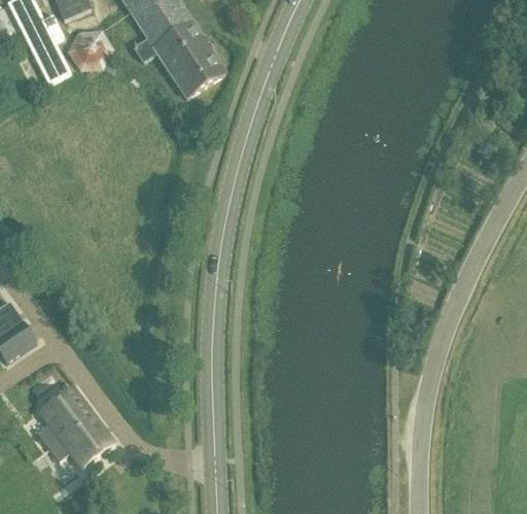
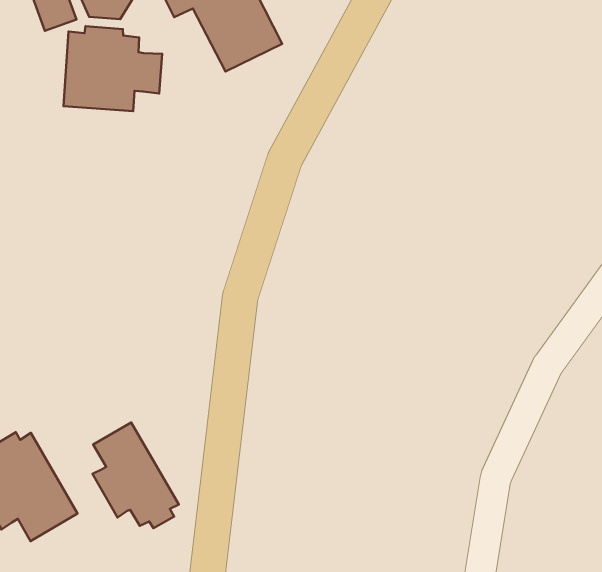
building: none -> [63,26,162,111]
building: none -> [92,422,179,528]

